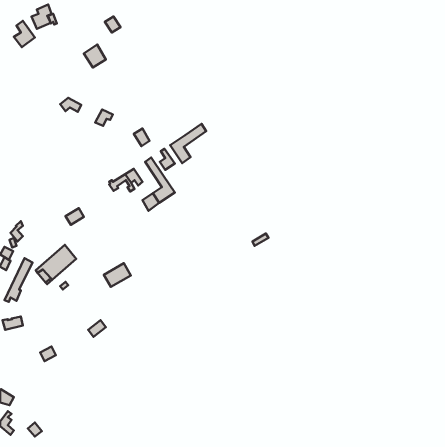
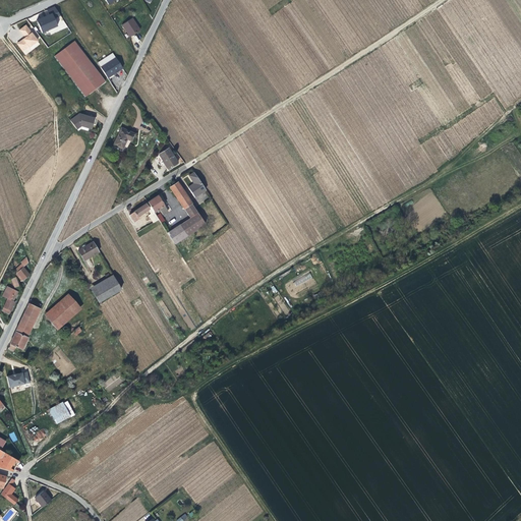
building: none -> [56,42,107,98]
building: [170,124,206,163] -> none
building: [104,263,131,287] -> [90,276,121,303]

